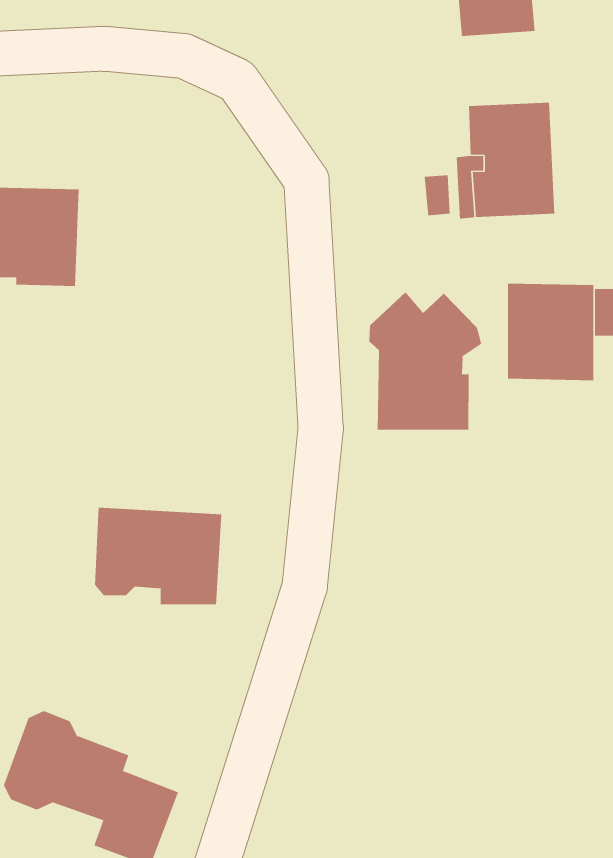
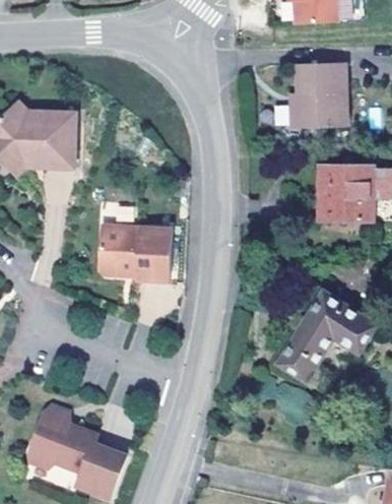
building: [369,292,482,431] -> none
building: none -> [276,291,375,378]
building: [94,507,222,605] -> [99,225,172,280]

